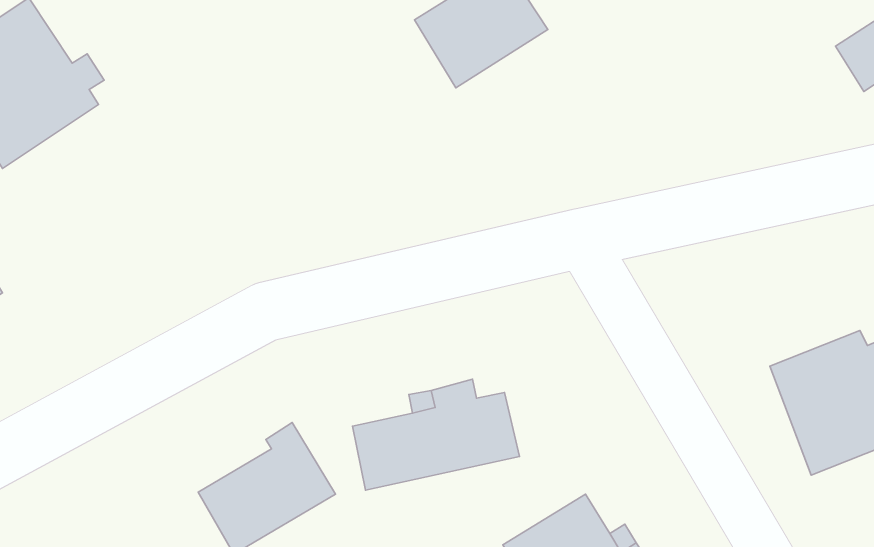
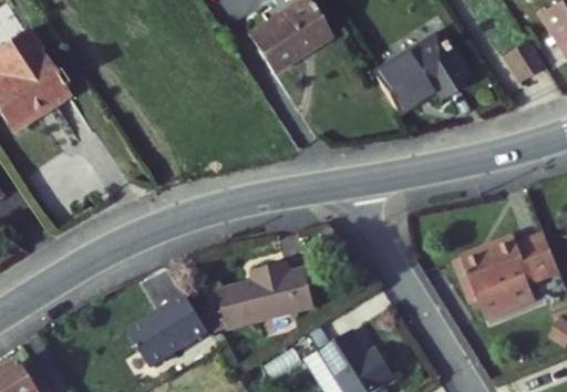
building: none -> [378,45,472,126]

